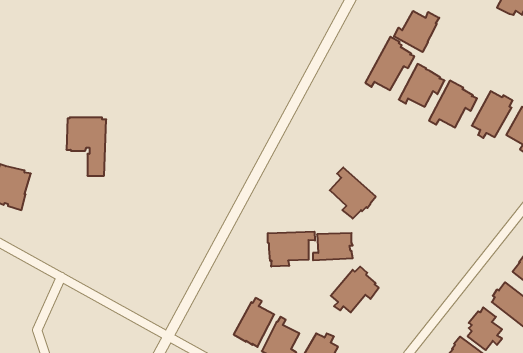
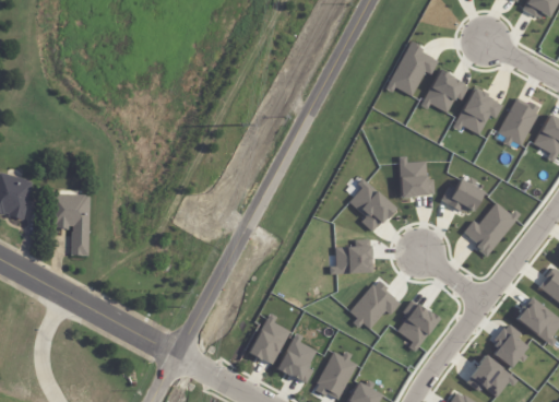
building: [394,11,439,52] -> none
building: [66,117,106,176] -> [52,196,94,257]
building: none -> [397,155,433,199]
building: none -> [440,178,484,212]
building: none -> [463,202,520,257]
building: [268,232,315,267] -> none
building: none -> [396,304,439,351]

